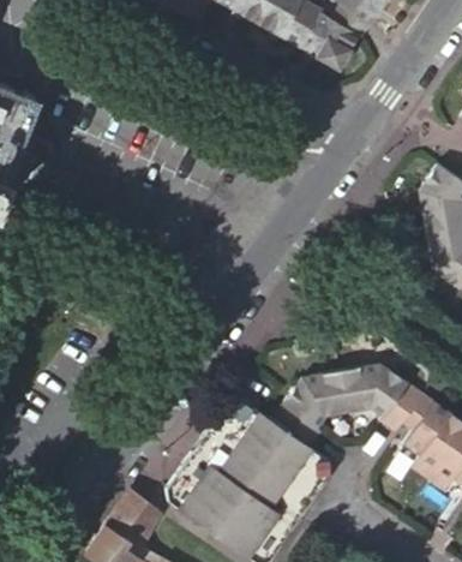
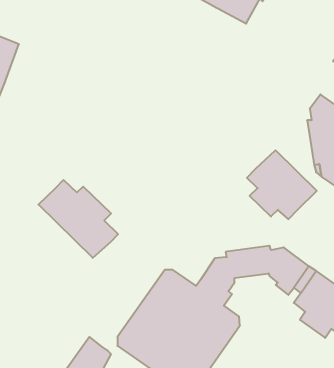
building: none -> [247,150,317,219]
building: none -> [38,180,118,258]

